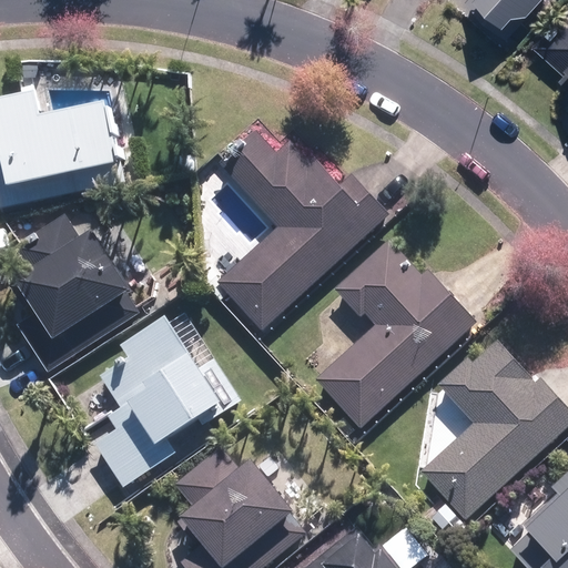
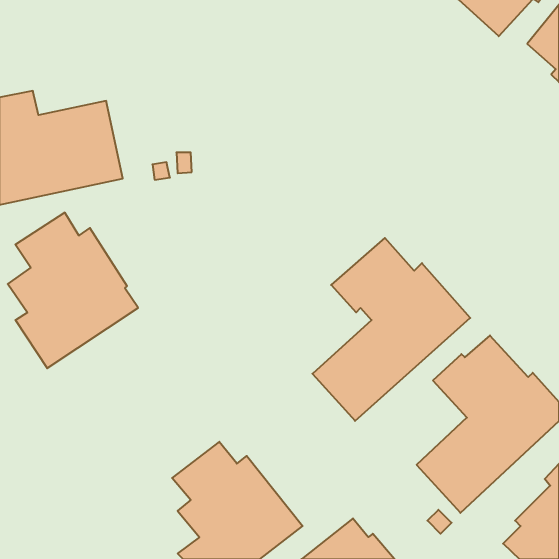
building: [216,130,388,331] -> none
building: [93,316,241,487] -> none

